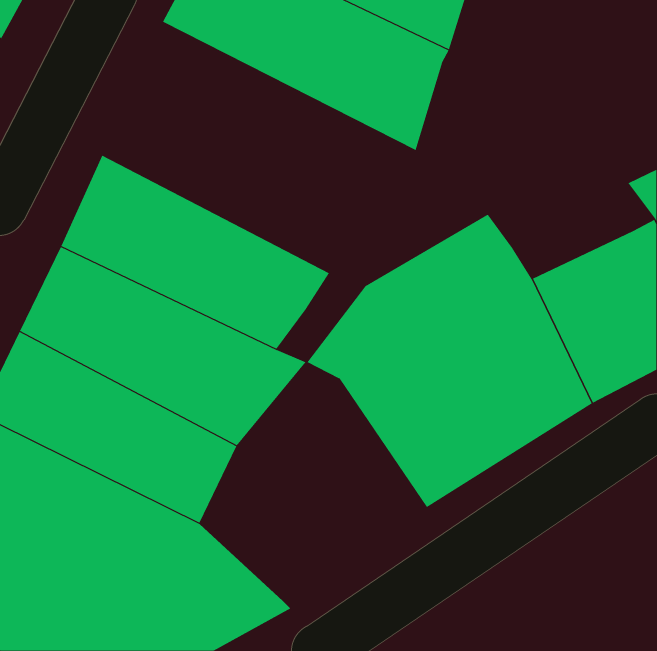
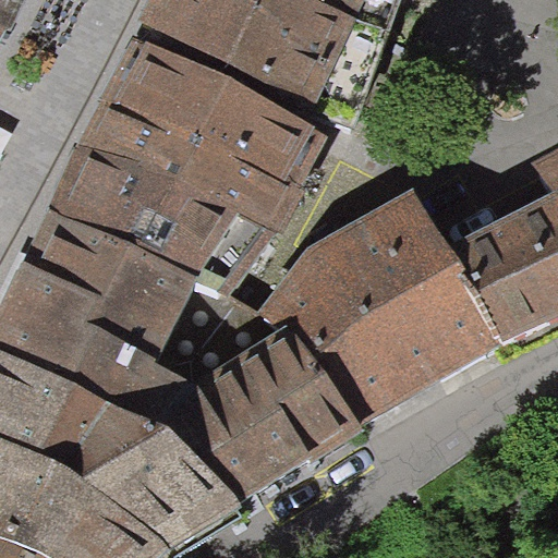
building: none -> [86,35,327,231]
building: none -> [169,306,365,508]

